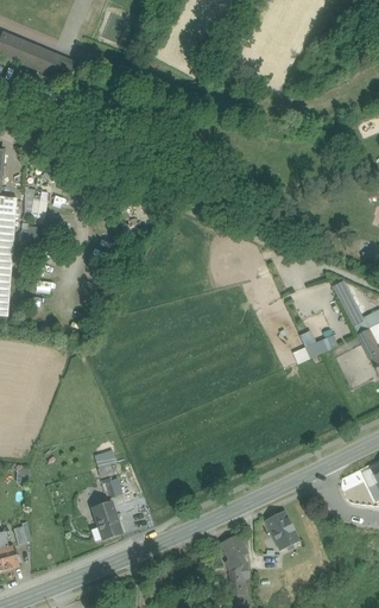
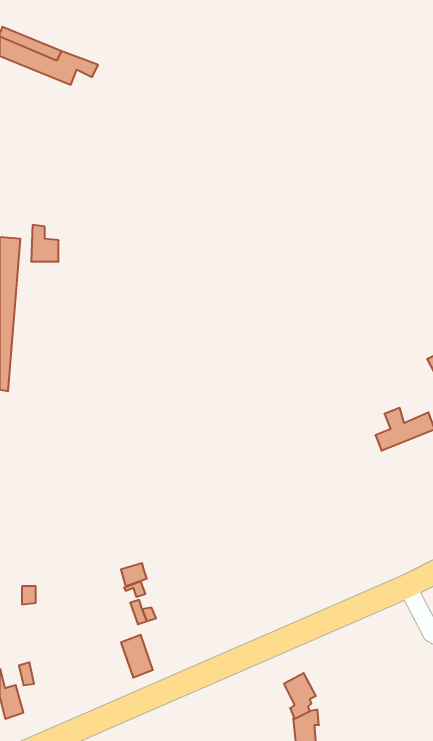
building: [264,511,298,550] -> none

